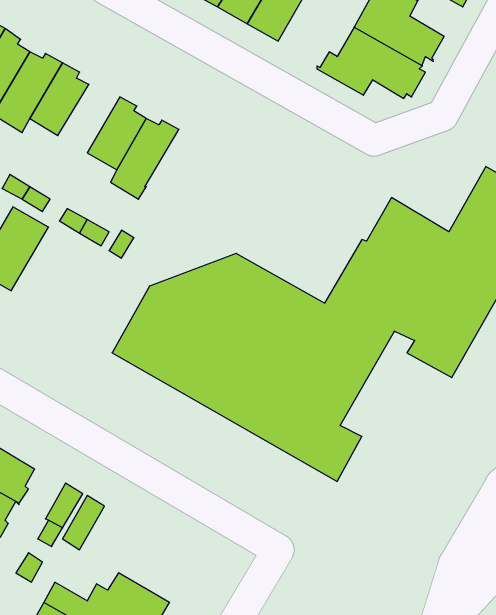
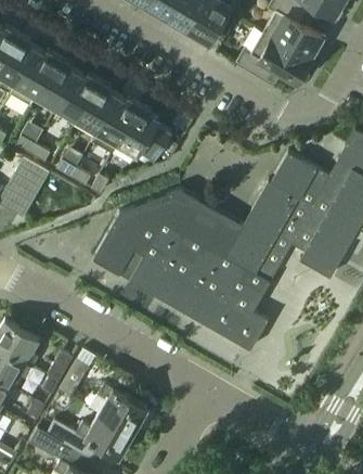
building: none -> [55,73,99,120]
building: none -> [116,104,170,162]
building: none -> [98,384,147,435]

